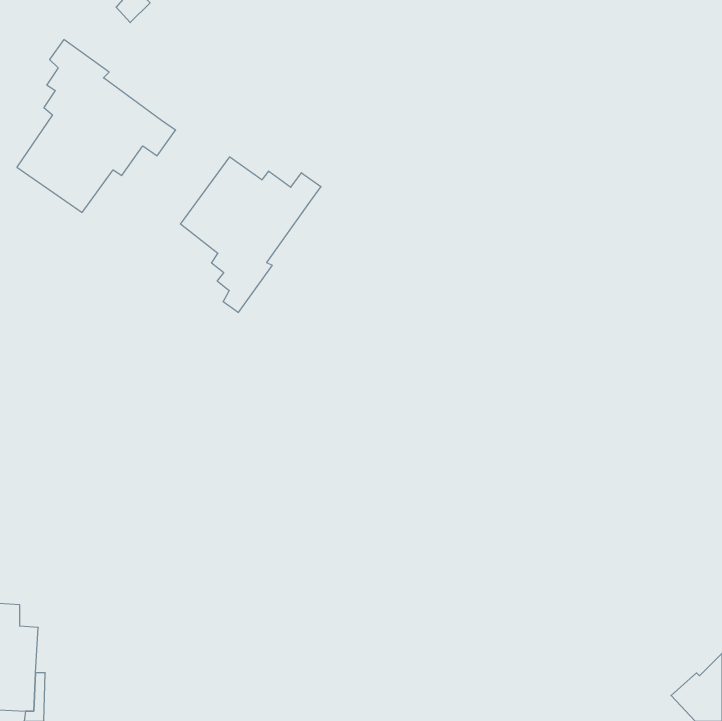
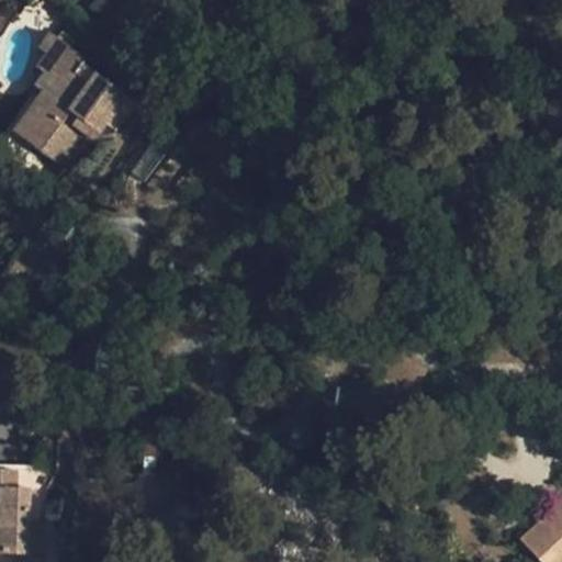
building: [180,157,321,313] -> none

